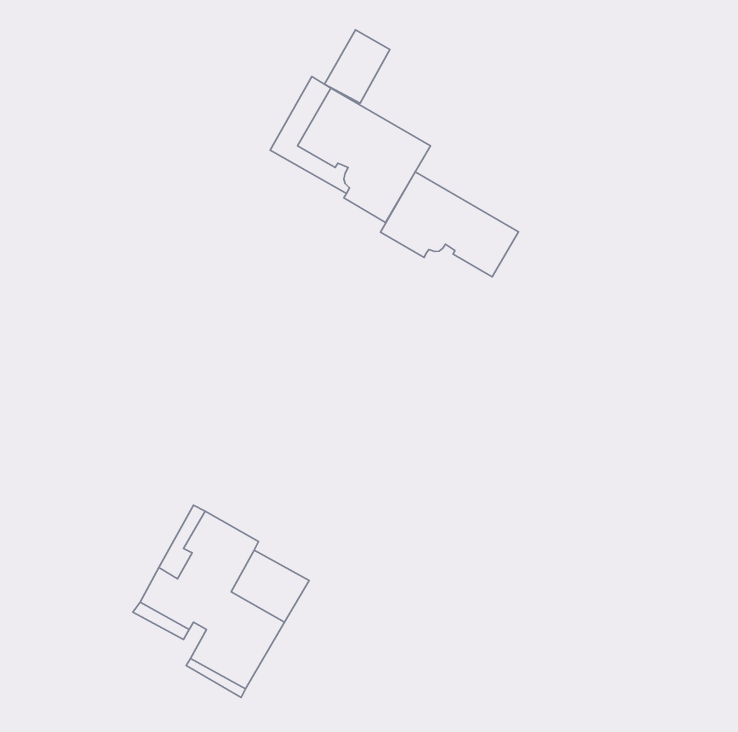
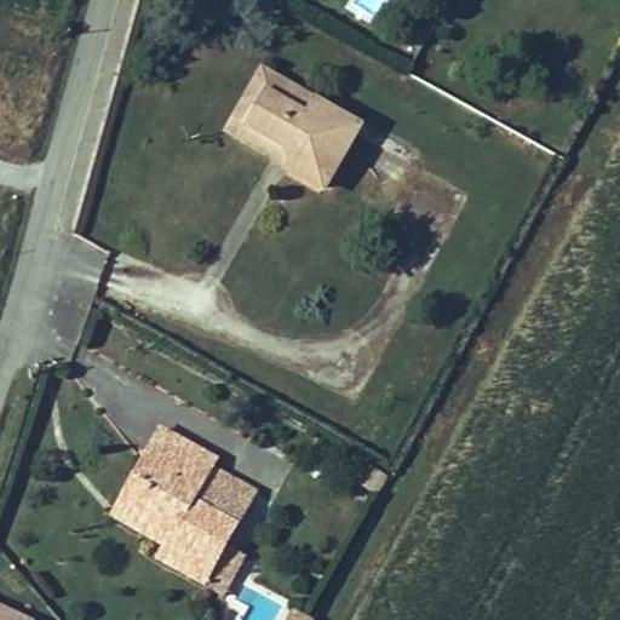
building: [324,30,390,103] -> none
building: [381,172,518,277] -> none

